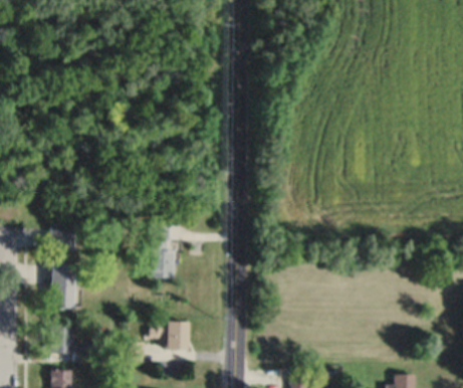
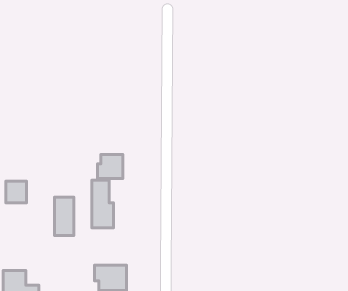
building: none -> [97,155,123,178]
building: [53,265,75,310] -> [55,197,74,235]

